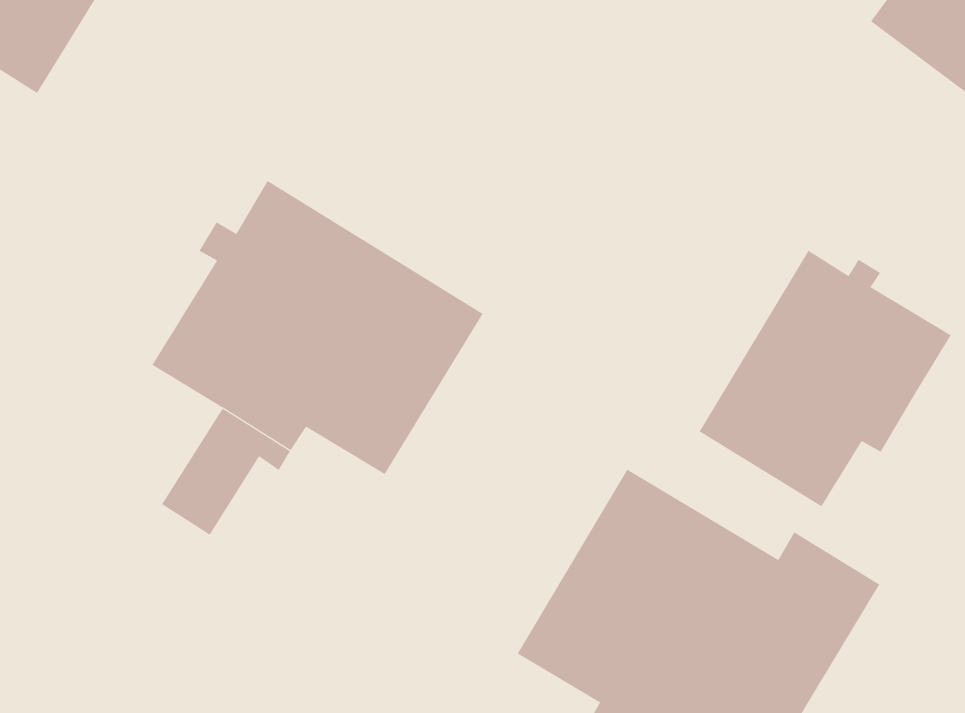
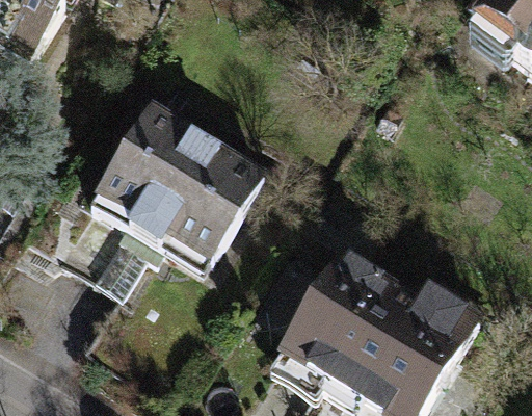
building: [699,250,952,507] -> none

